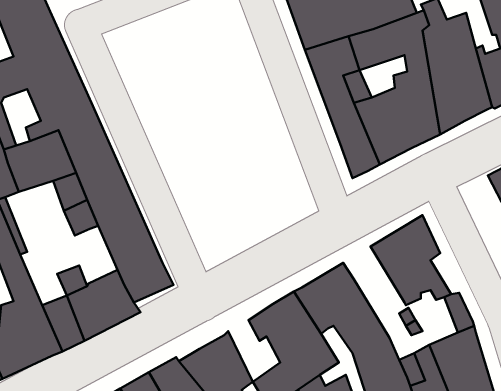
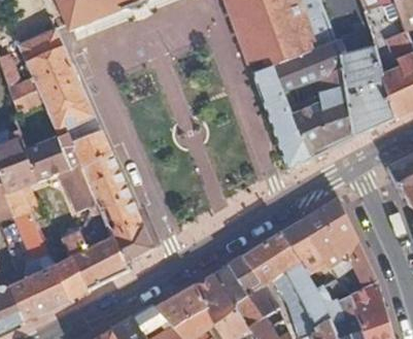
building: none -> [281,221,328,274]
building: none -> [195,276,234,323]

